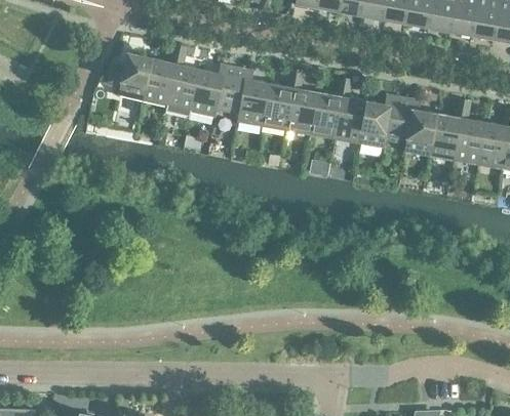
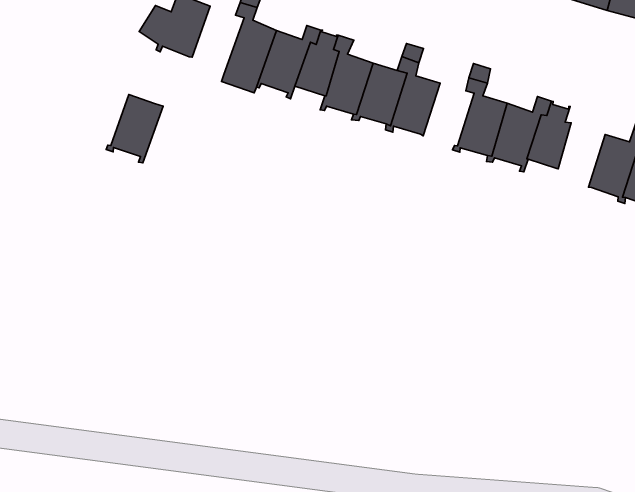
building: [141,60,176,107] -> [106,95,163,163]
building: [308,94,343,136] -> none
building: [404,99,437,158] -> none

